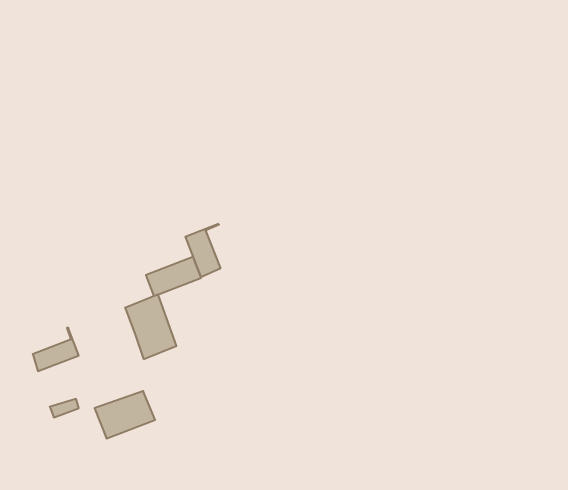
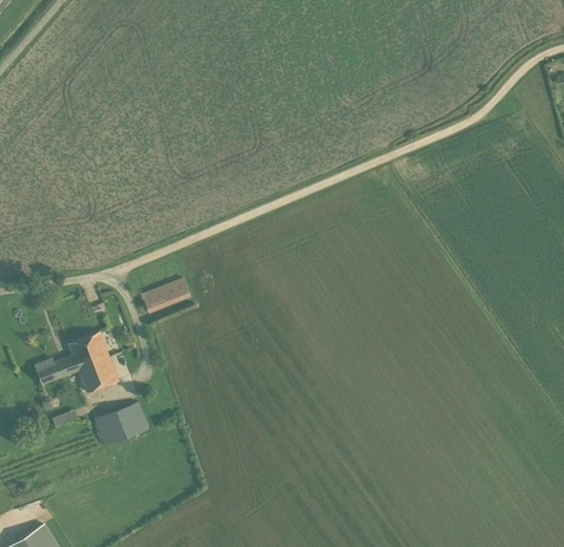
building: [185,224,220,277] -> none
building: [125,295,176,359] -> [69,332,116,391]

